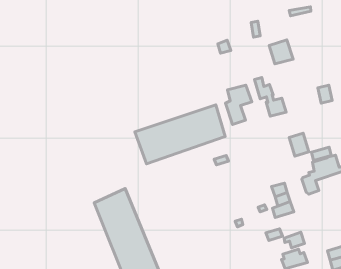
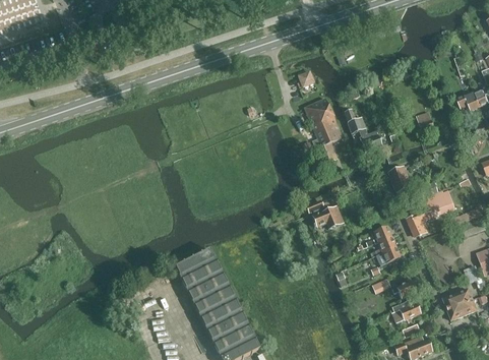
building: [269,40,293,64] -> [306,97,334,125]
building: [135,105,225,164] -> none
building: none -> [312,203,344,227]

